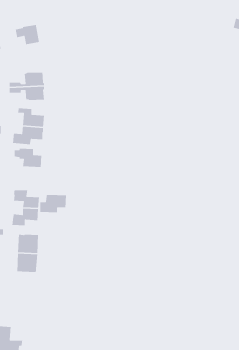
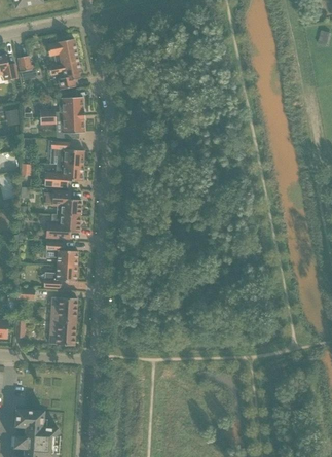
building: none -> [47,61,79,90]
building: [39,194,67,213] -> [45,214,79,238]

